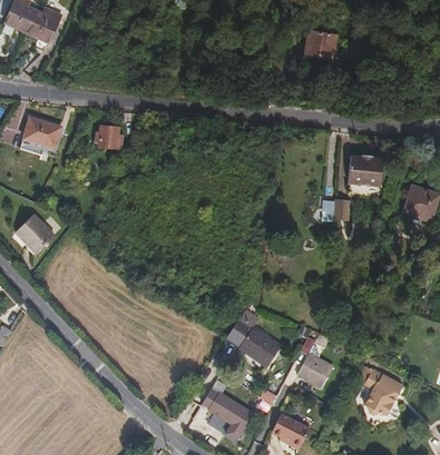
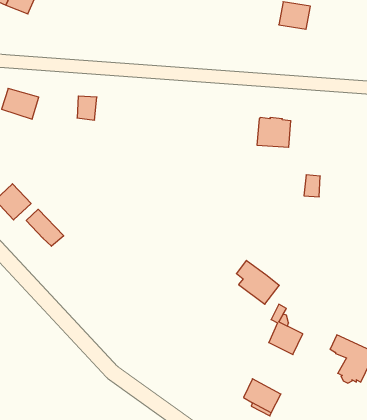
building: [346,161,381,191] -> [257,118,291,147]
building: none -> [26,209,64,246]
building: [234,320,277,365] -> [236,260,279,304]
building: [197,388,246,428] -> none

